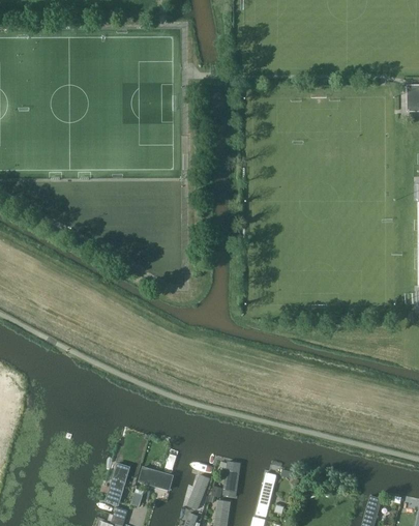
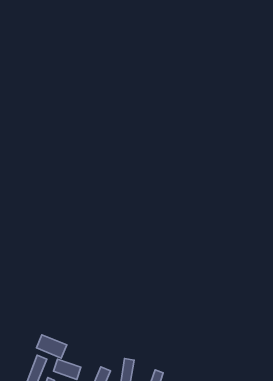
building: none -> [36,335,67,358]

